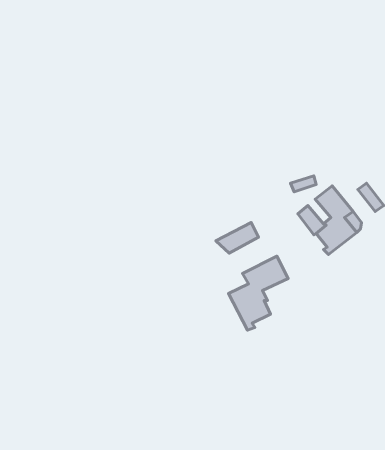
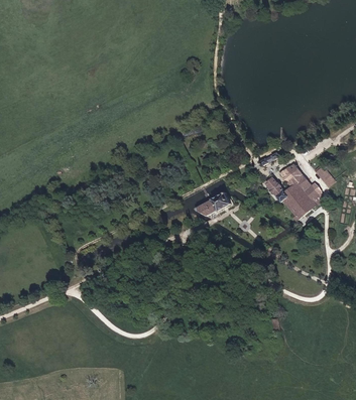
building: [228,256,288,330] -> none

